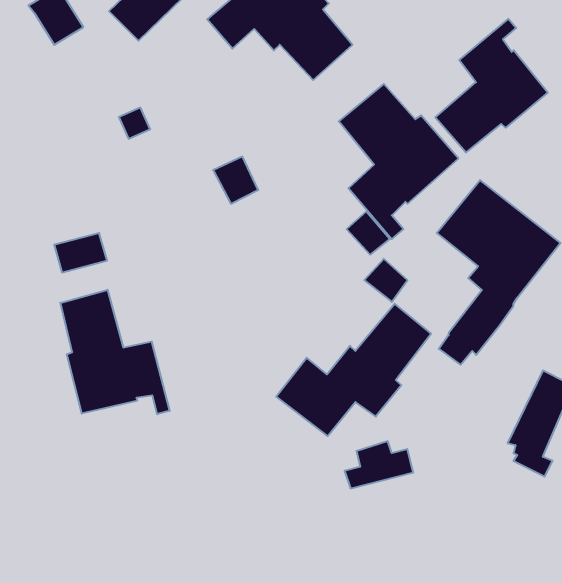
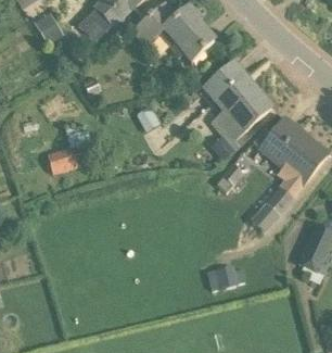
building: [435,19,548,153] -> none
building: [60,290,170,414] -> none
building: [276,304,431,436] -> none

